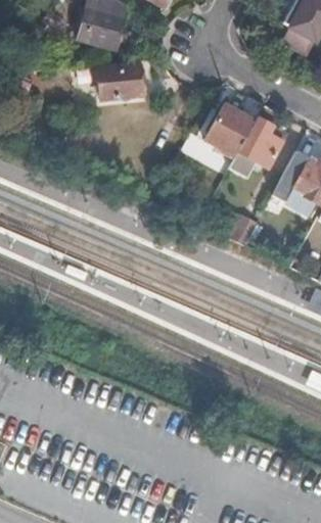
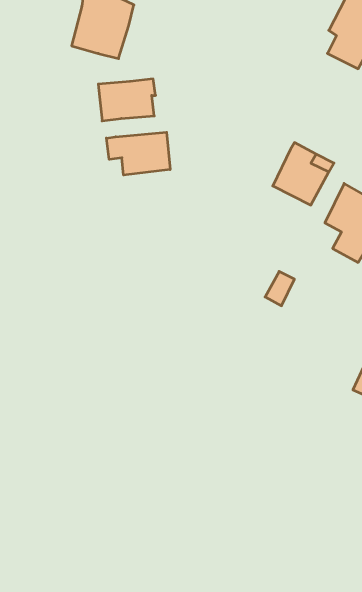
building: [201,105,253,159] -> none
building: none -> [106,132,170,175]

